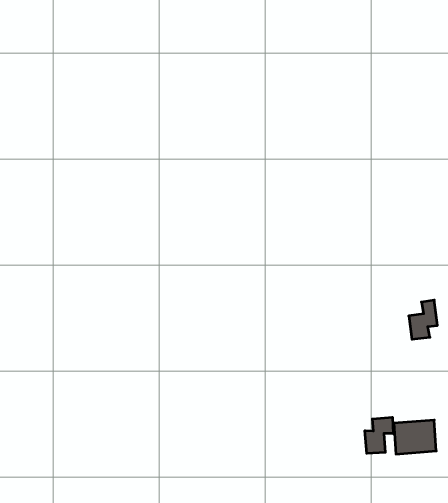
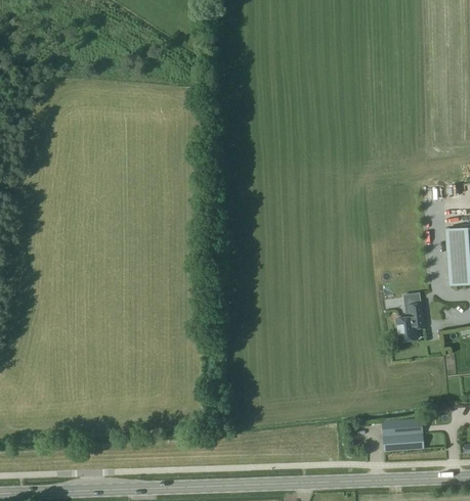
building: [365,417,393,453] -> none

